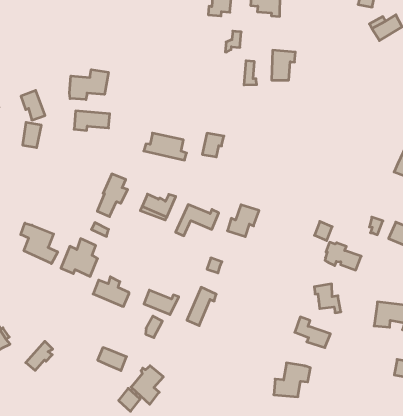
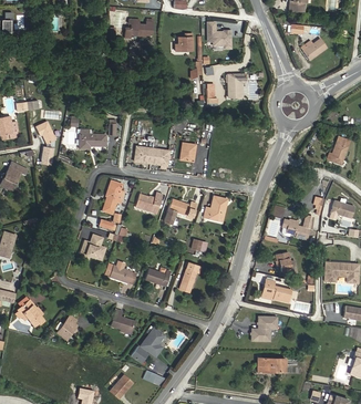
building: [69,70,108,100] -> none
building: [21,223,58,264] -> none

